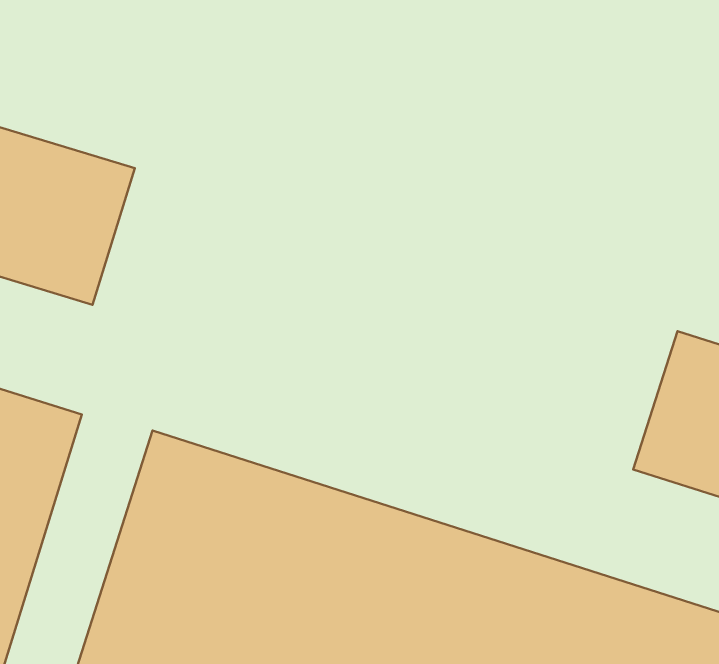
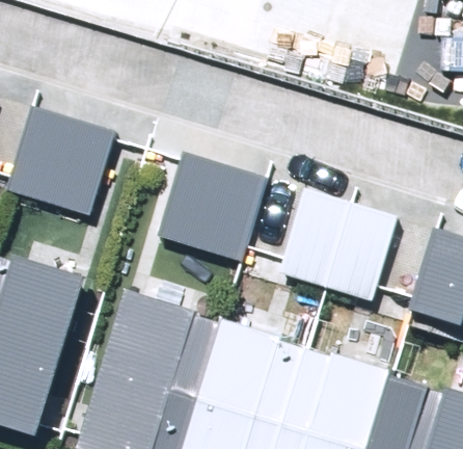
building: none -> [158,152,268,261]
building: none -> [279,188,400,301]

